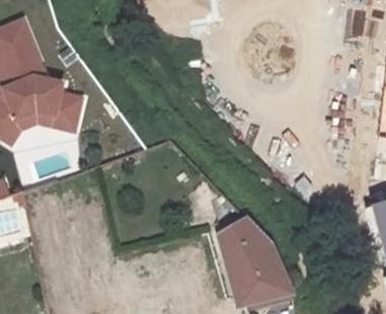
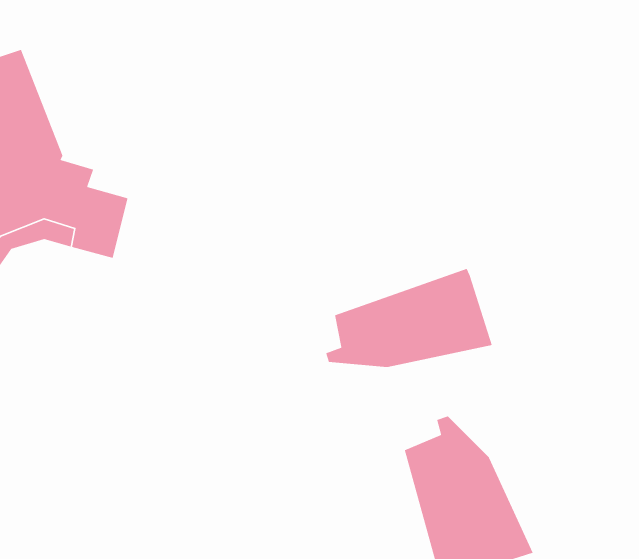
building: none -> [325,268,493,368]

